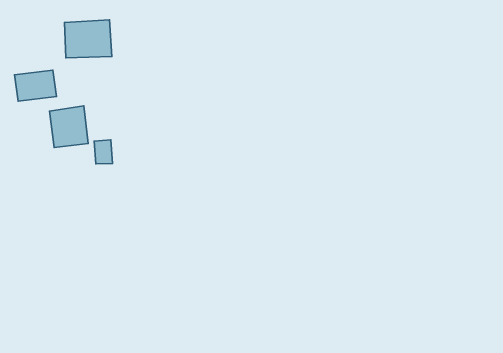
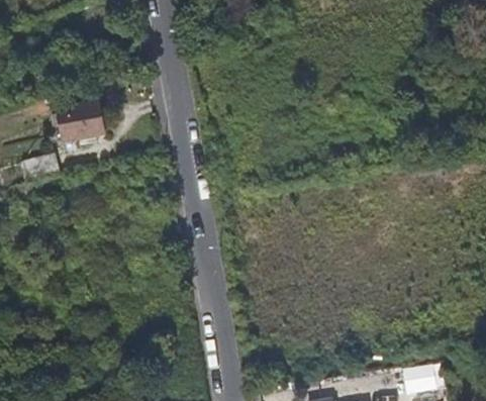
building: [49,106,88,148] -> none

